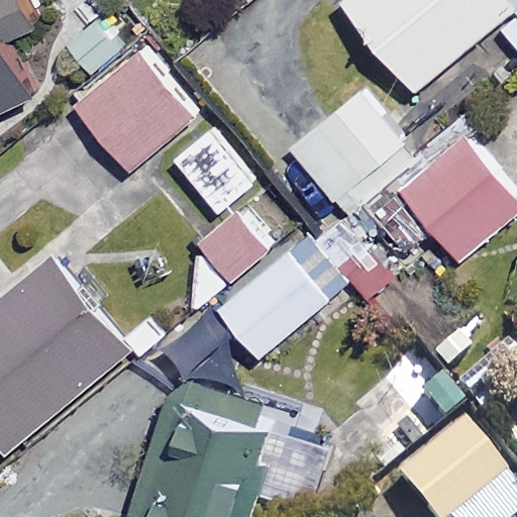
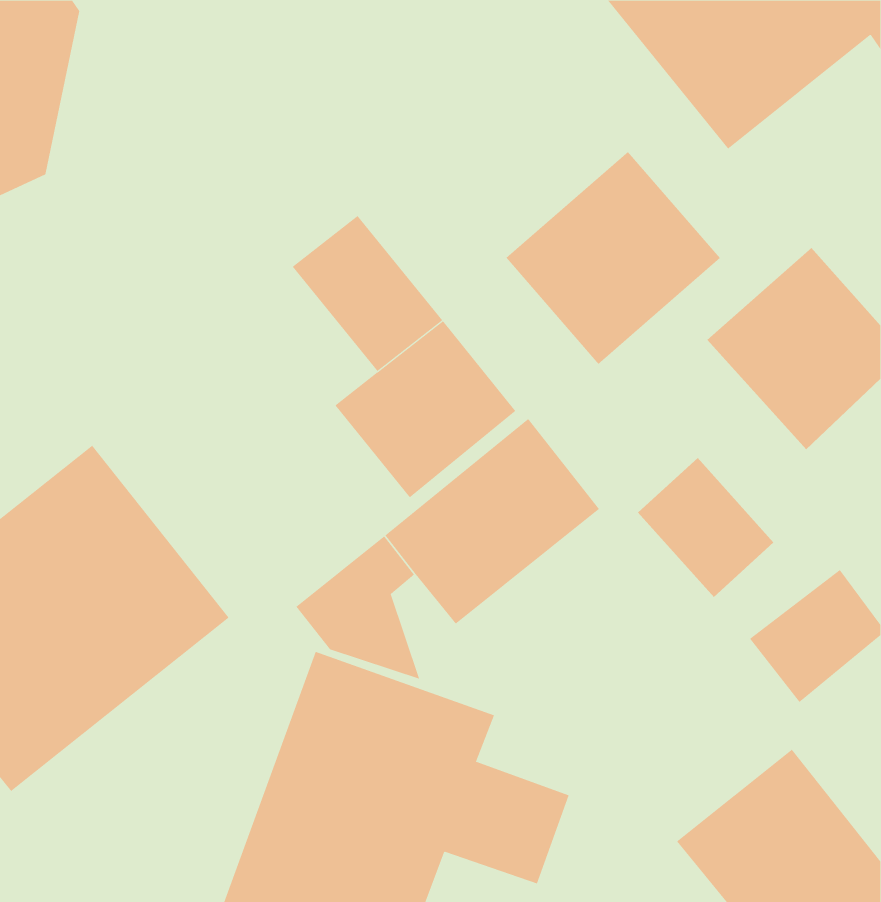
building: [71,45,196,170] -> none

